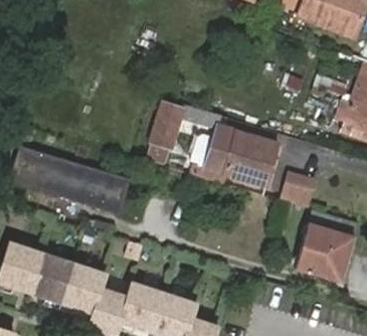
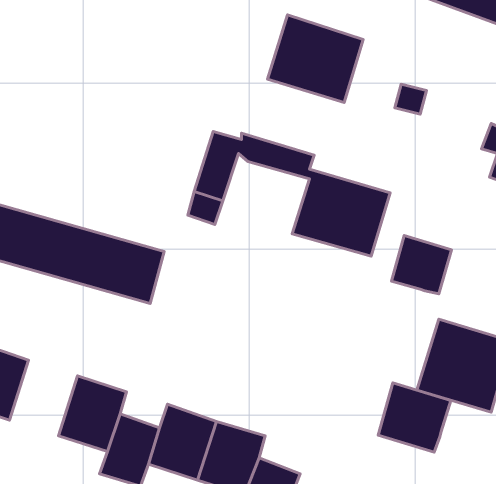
building: none -> [267,15,363,103]
building: [35,249,78,298] -> none
building: none -> [378,383,451,452]

